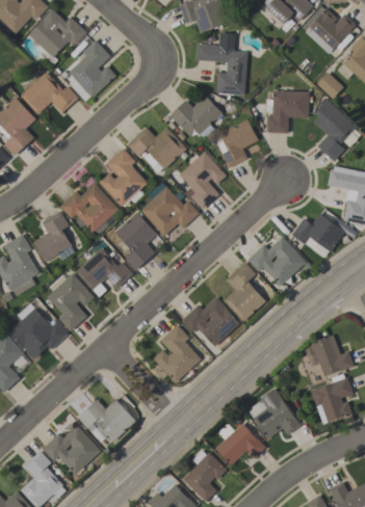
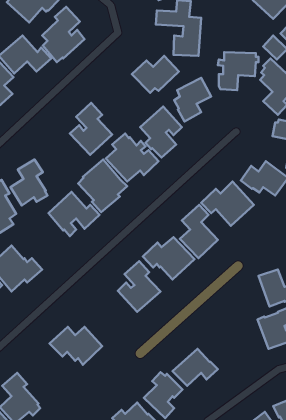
building: [127,127,187,169] -> none
building: [60,183,120,234] -> none
building: [47,273,95,331] -> none
building: [253,388,302,439] -> none
building: [43,425,102,475] -> none

